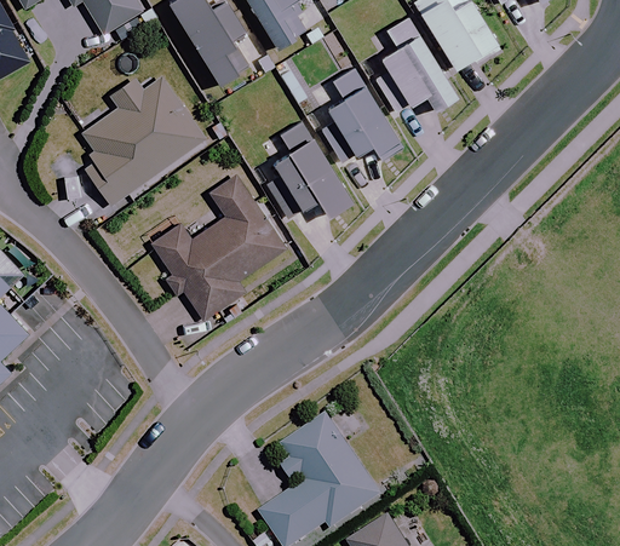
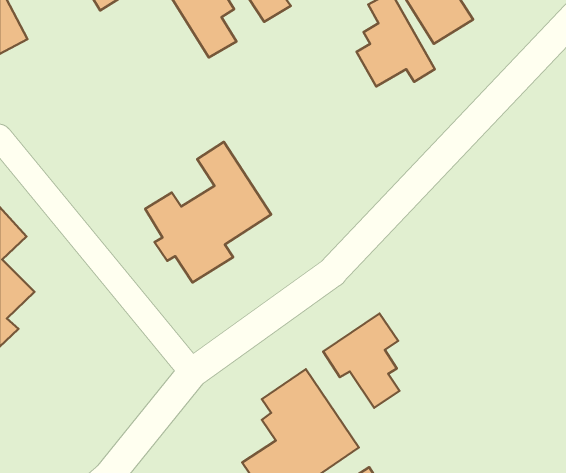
building: [321,67,404,163] -> none
building: [81,76,205,205] -> none
building: [268,120,352,219] -> none
building: none -> [323,313,399,408]

